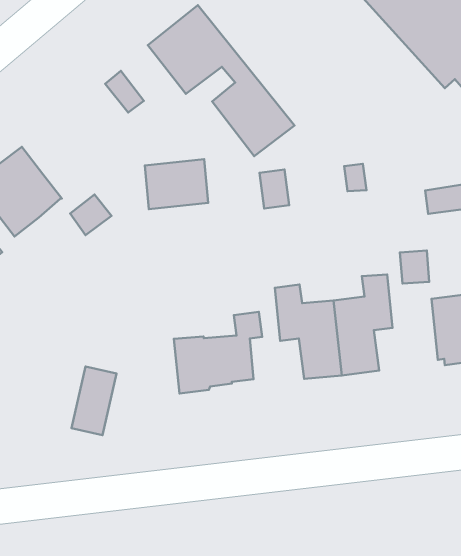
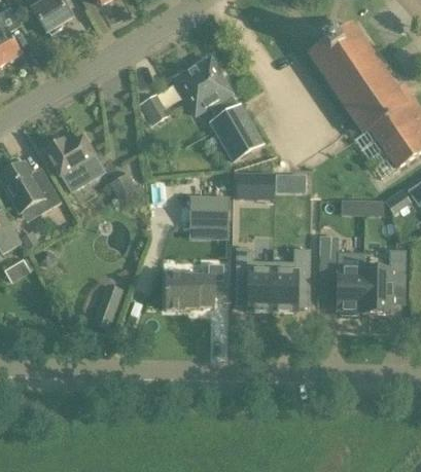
building: [145,159,208,209] -> [188,196,229,226]

